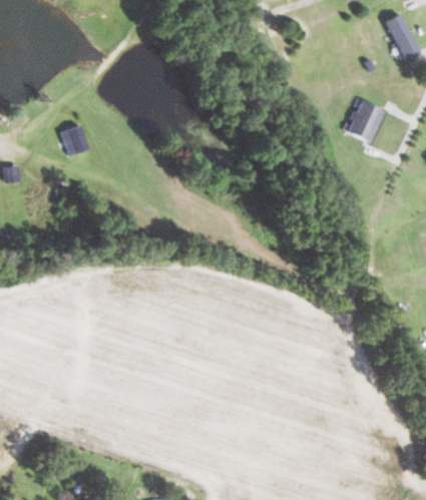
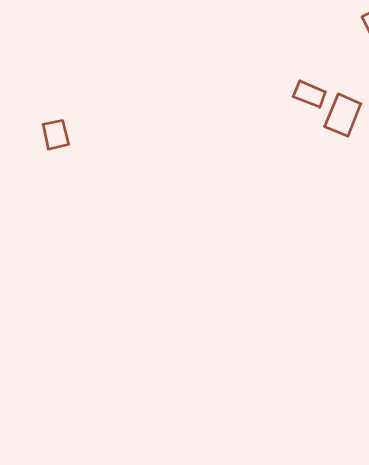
building: none -> [293,81,325,107]

